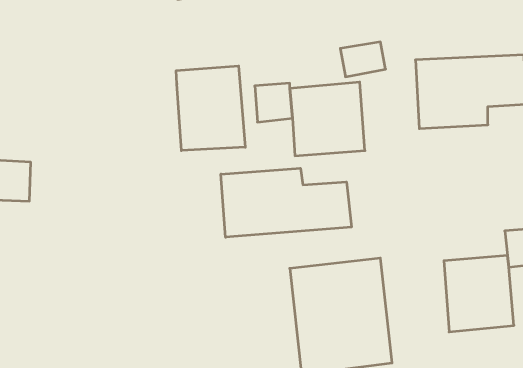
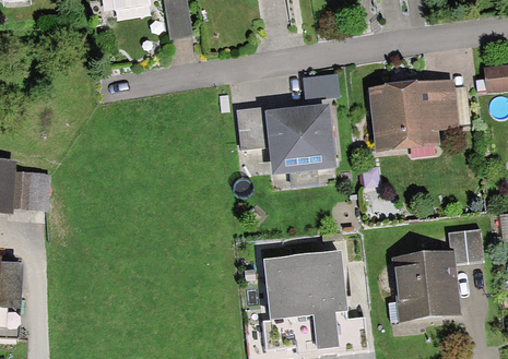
building: [176,66,245,151] -> none
building: [221,168,351,237] -> none

